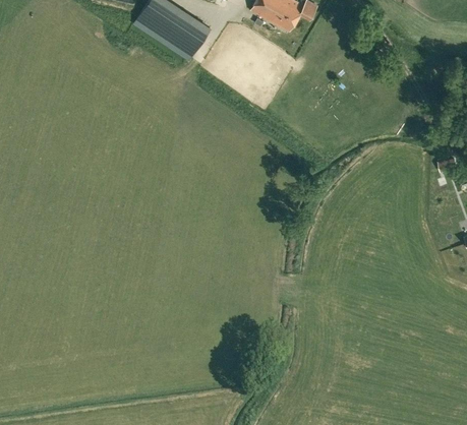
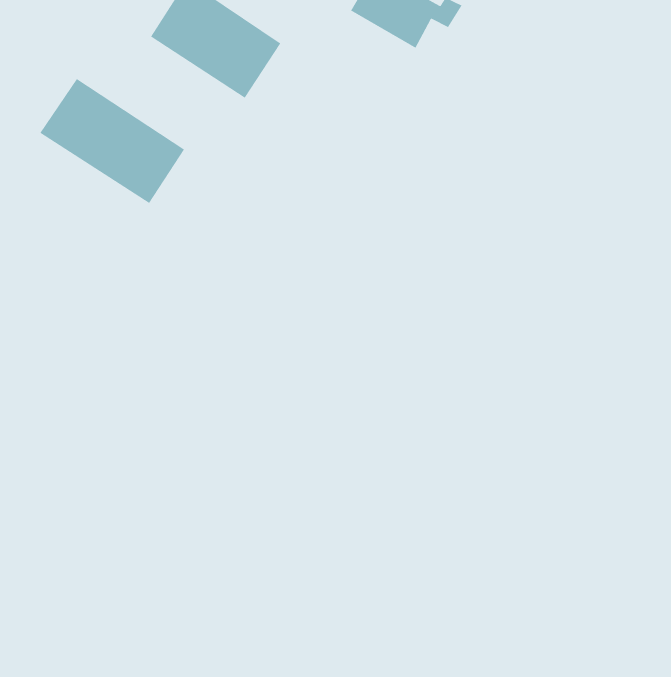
building: none -> [39,78,185,204]

